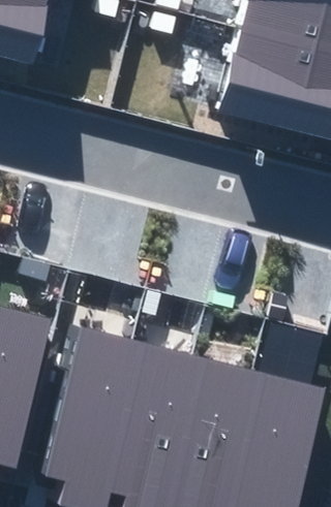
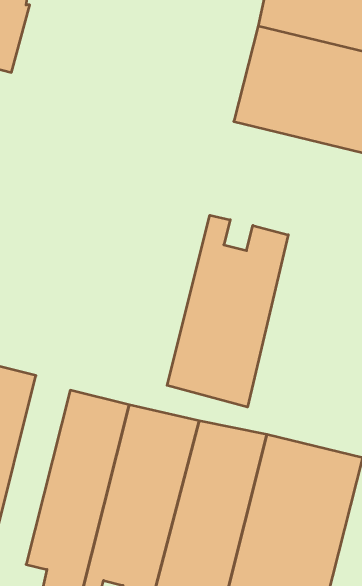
building: none -> [167,215,288,407]

